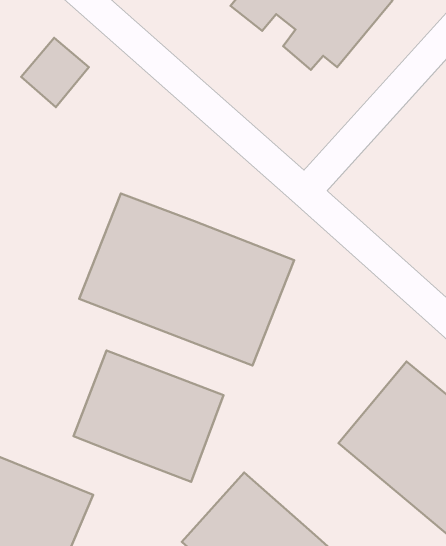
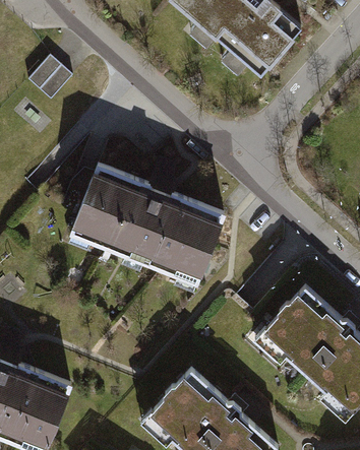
building: [74,350,224,482] -> none

